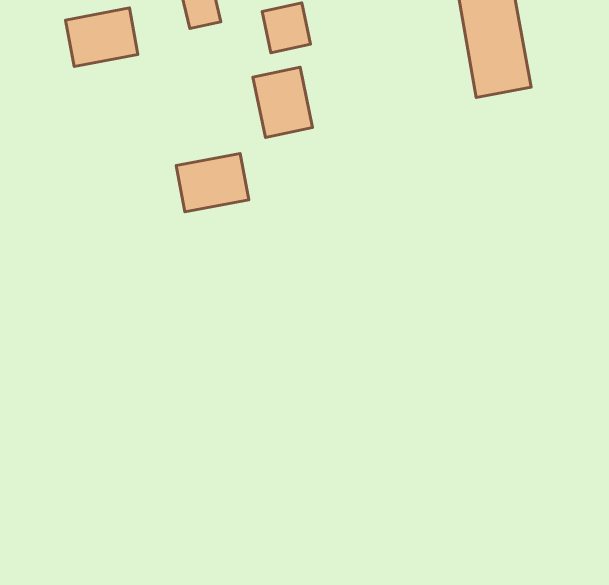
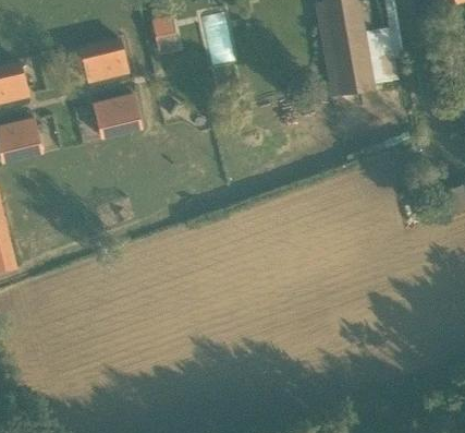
building: [253,67,313,137] -> none
building: [176,153,249,212] -> [91,94,137,131]

